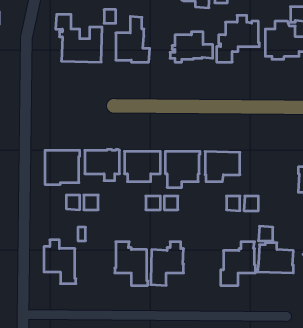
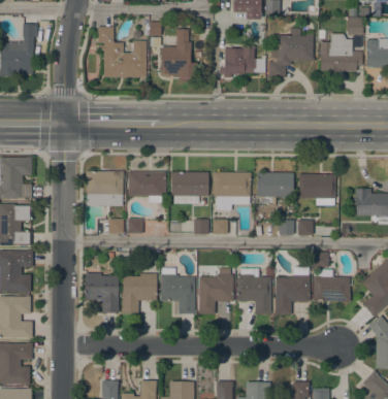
building: none -> [298,174,335,205]
building: none -> [236,268,271,314]
building: none -> [122,273,157,312]

